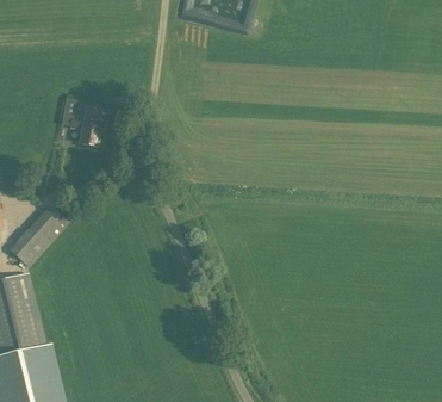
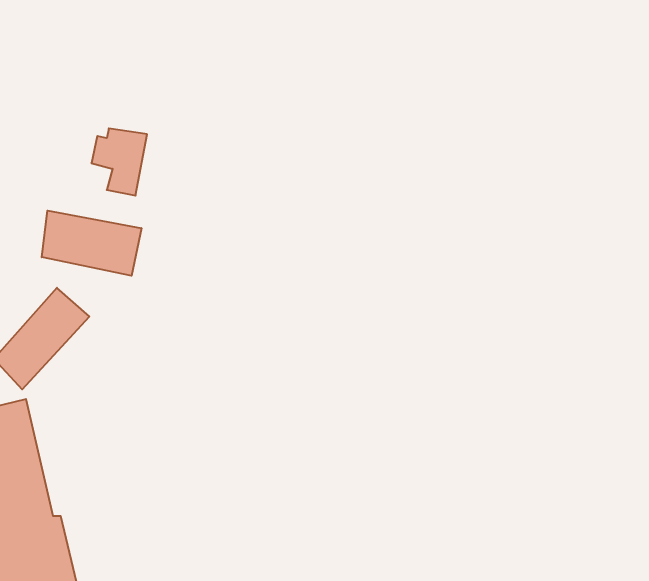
building: none -> [42,211,141,276]

